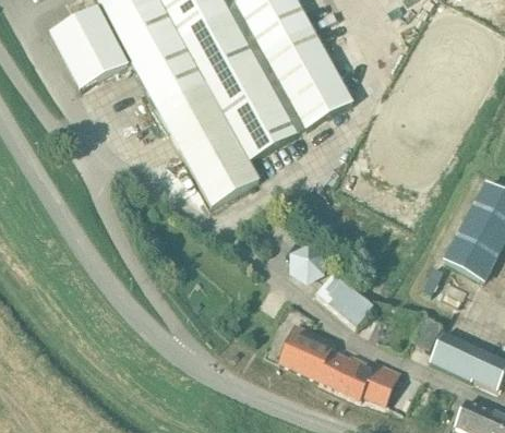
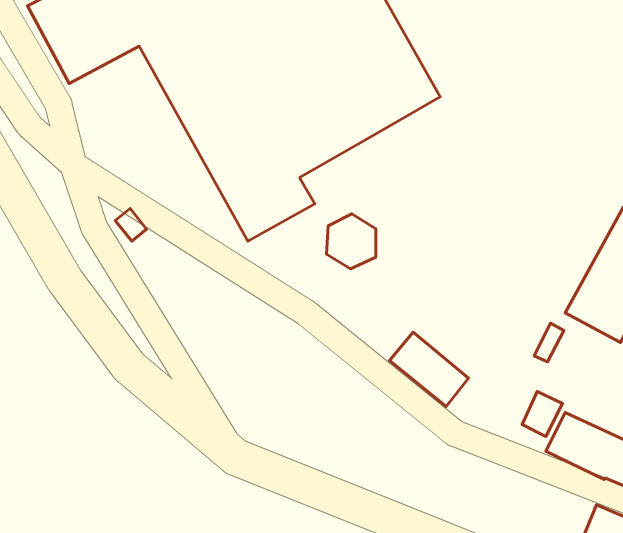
building: [289,243,325,284] -> [327,214,376,269]
building: [278,324,400,405] -> none

